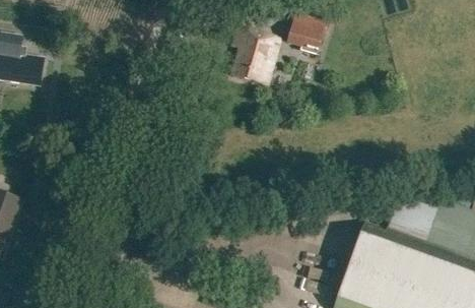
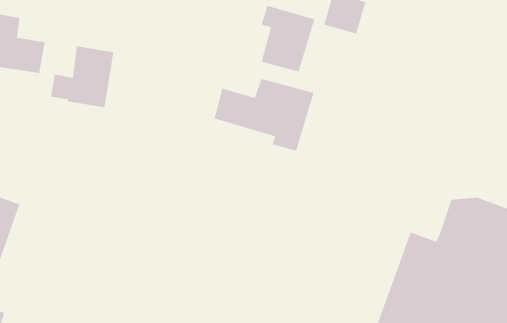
building: none -> [50,46,114,108]
building: none -> [214,78,314,152]

